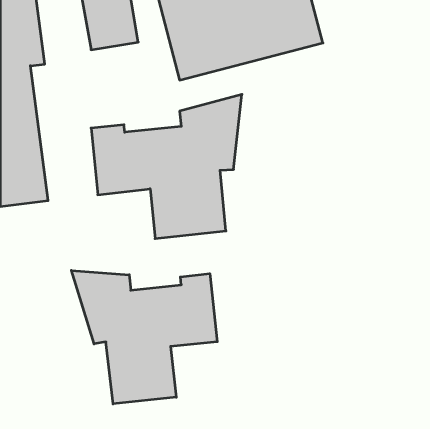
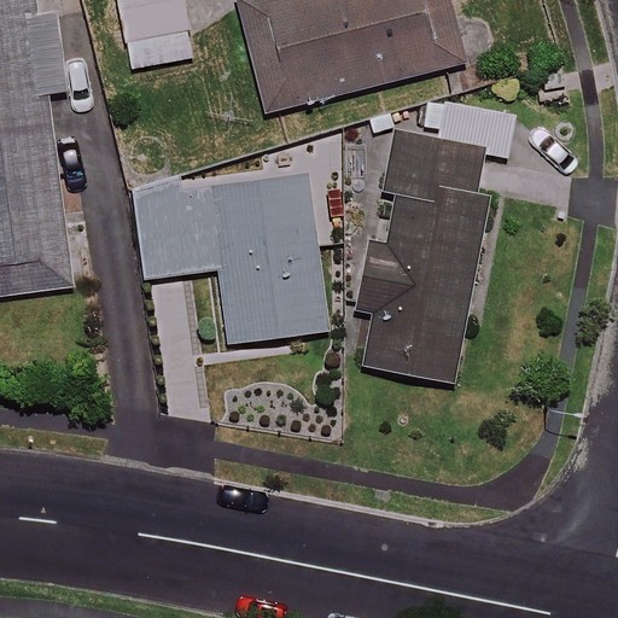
building: none -> [354,99,514,384]
building: [71,270,217,404] -> none

